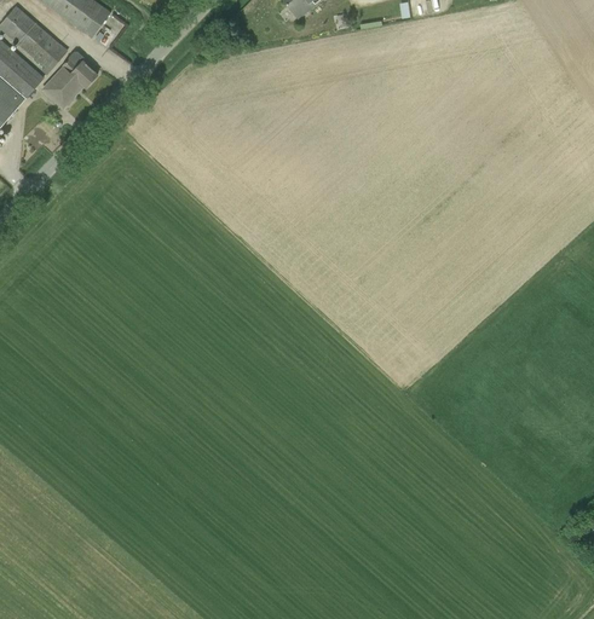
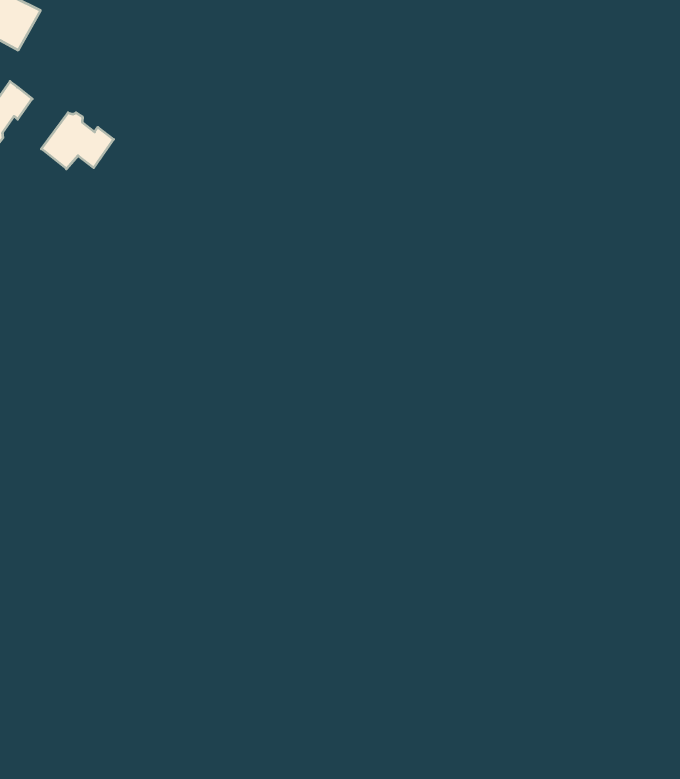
building: none -> [41,113,114,169]

